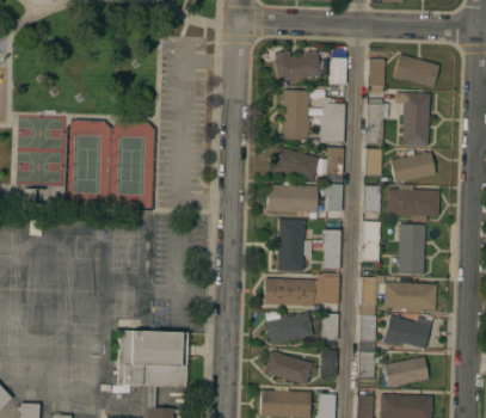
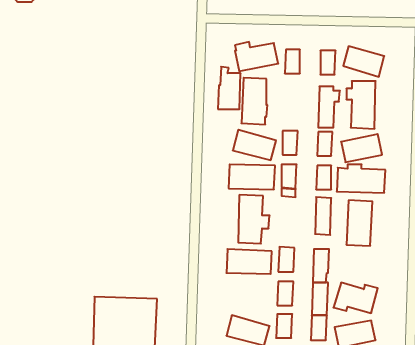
building: [319,97,344,143] -> [218,67,241,109]
building: [322,229,340,270] -> none
building: [383,283,436,314] -> none
building: [266,313,313,344] -> none

